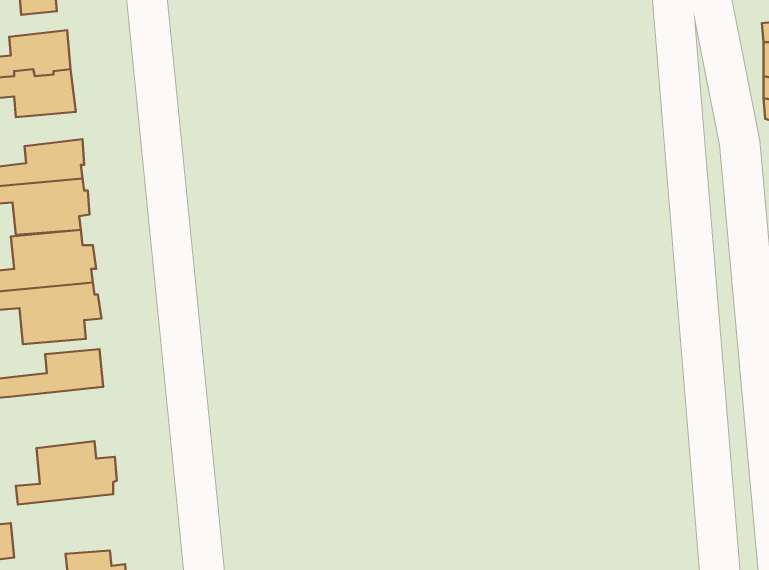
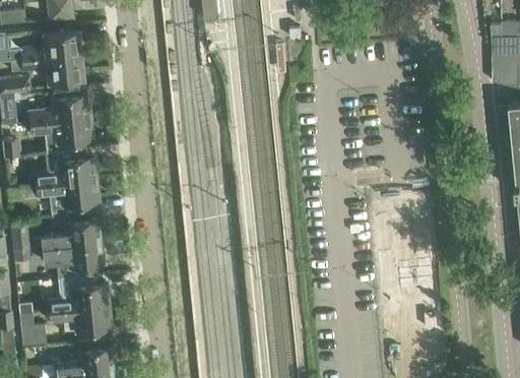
building: none -> [44,242,105,278]
building: none -> [49,306,111,331]

